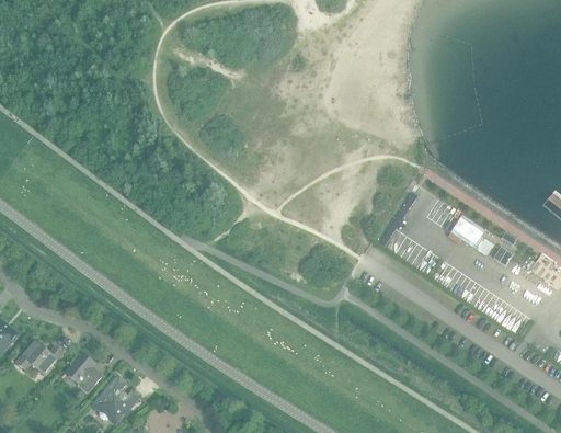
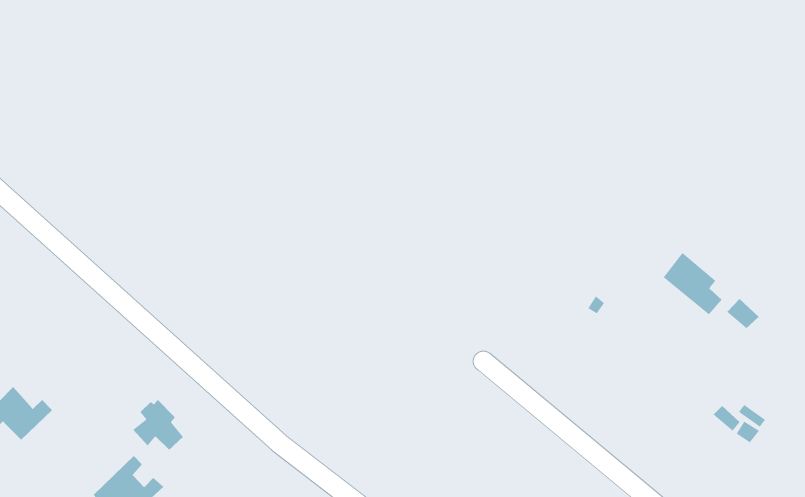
building: [67,353,101,386] -> [133,399,184,450]

